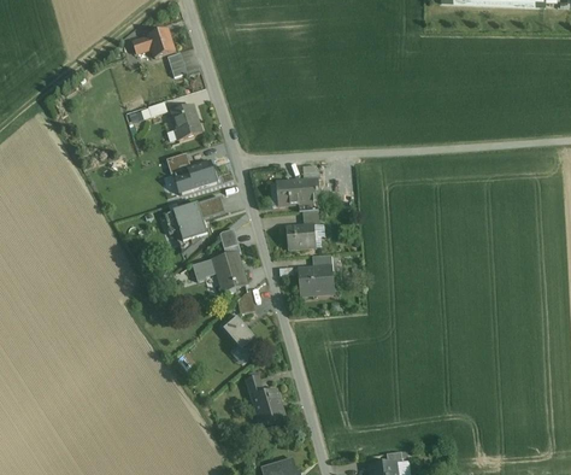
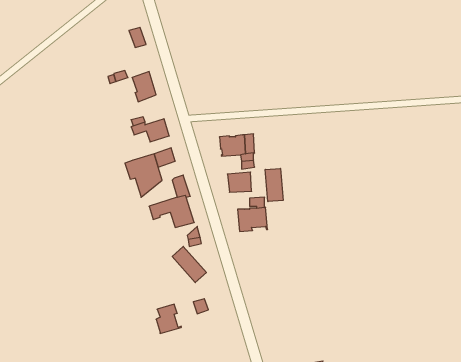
building: [131,28,173,55] -> none
building: none -> [265,168,283,202]
building: [254,388,284,423] -> [156,304,181,333]

